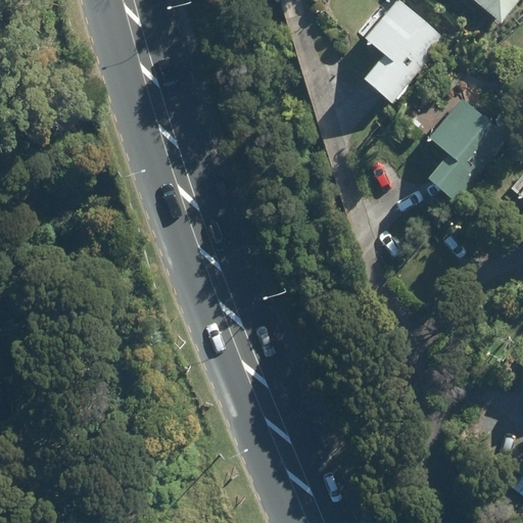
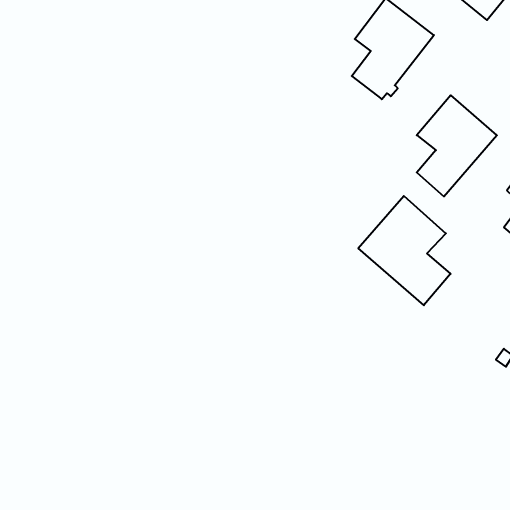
building: none -> [358,196,451,305]

